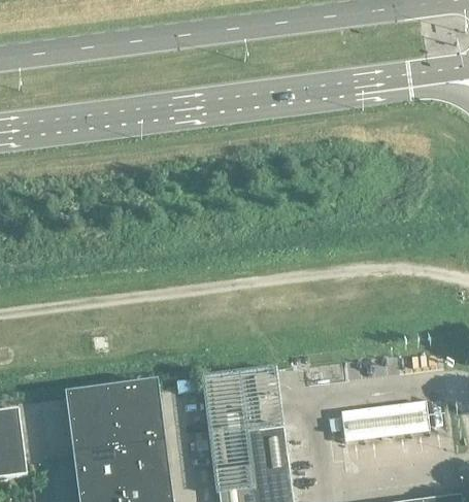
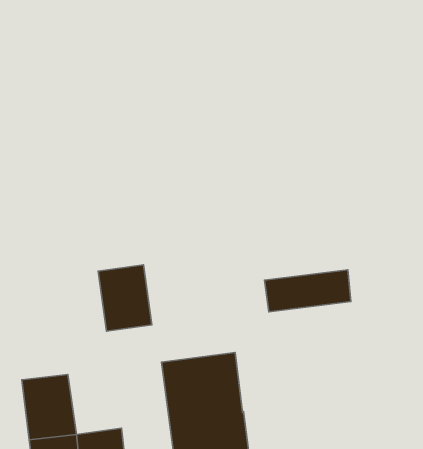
building: [111,383,164,448] -> [98,265,152,331]
building: [343,403,428,444] -> [265,270,351,312]

